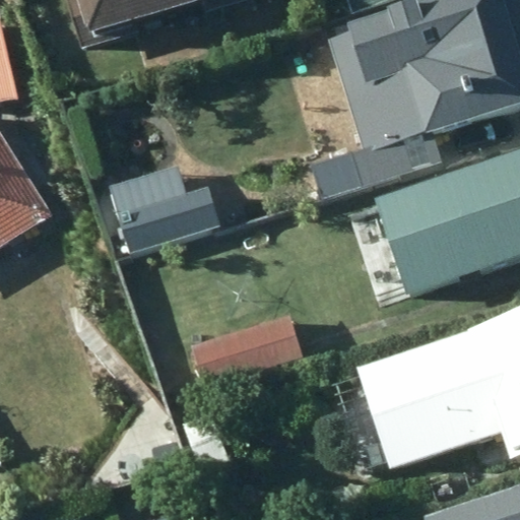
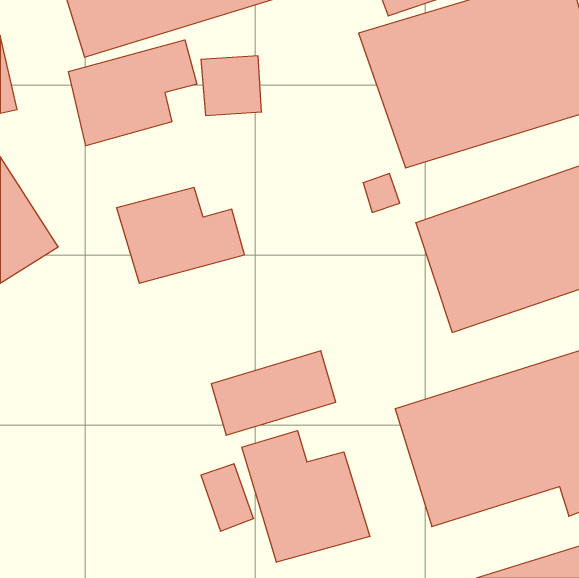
building: none -> [68,40,197,146]
building: none -> [242,431,370,562]

